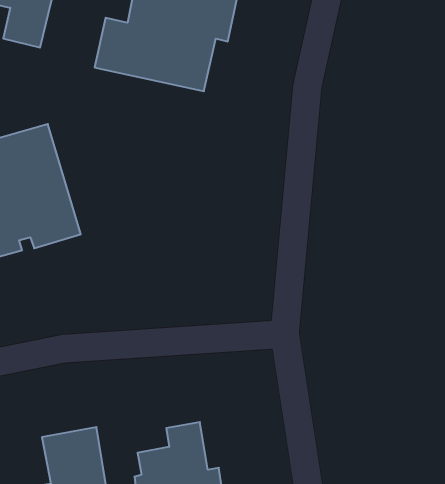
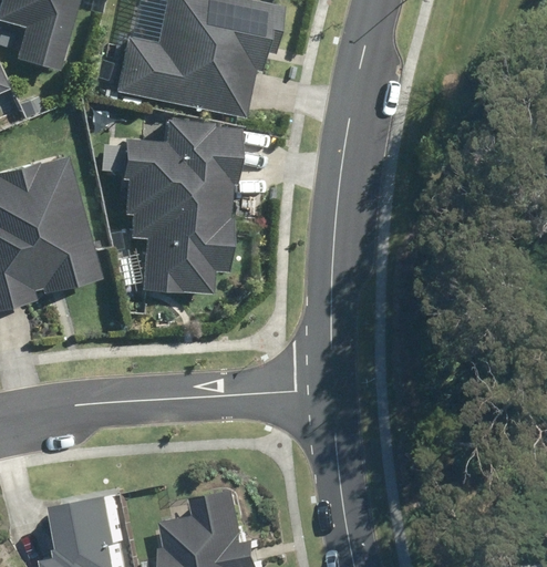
building: none -> [120,122,235,291]

